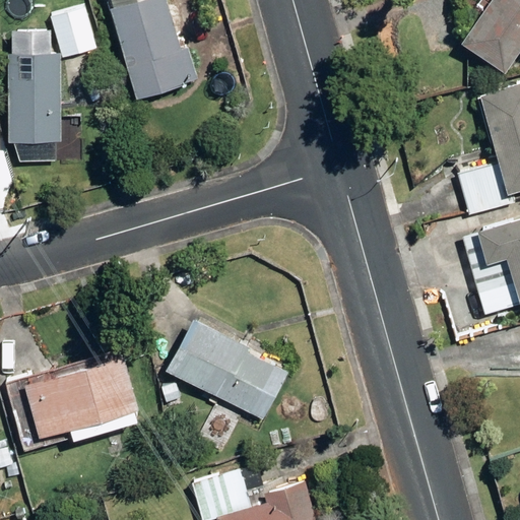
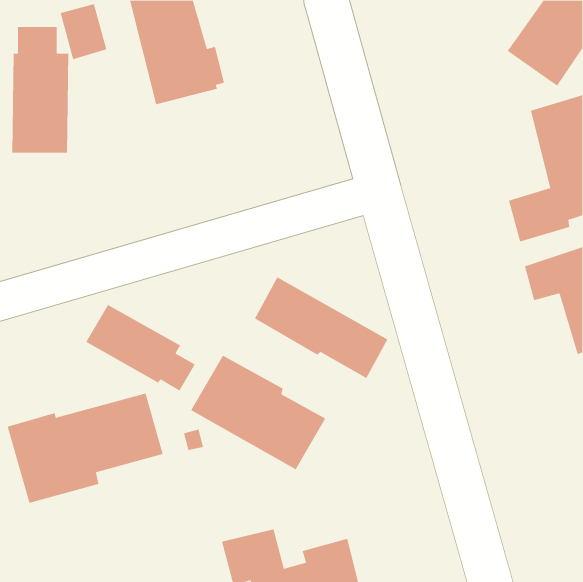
building: none -> [254,277,388,379]
building: none -> [86,304,195,391]

